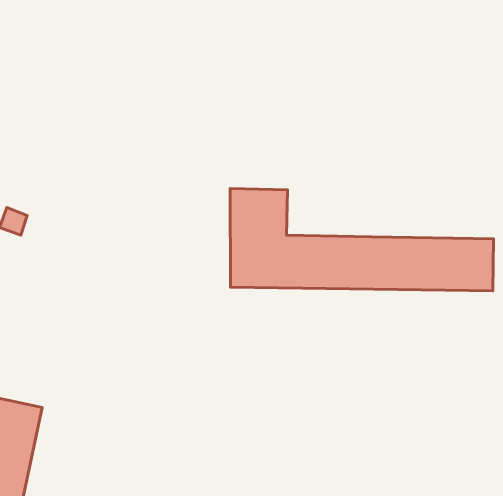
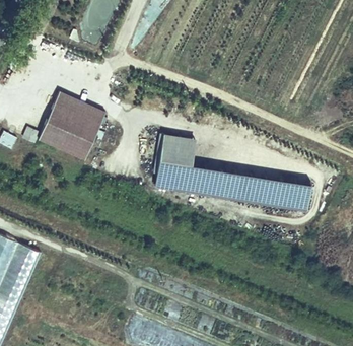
building: none -> [39,93,104,163]

